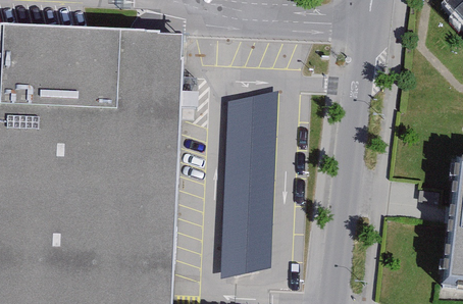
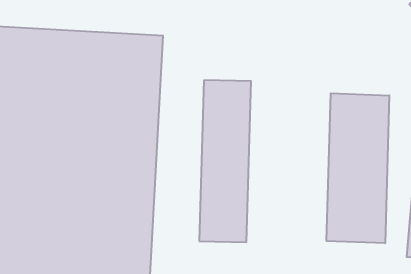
building: none -> [327,93,389,243]

